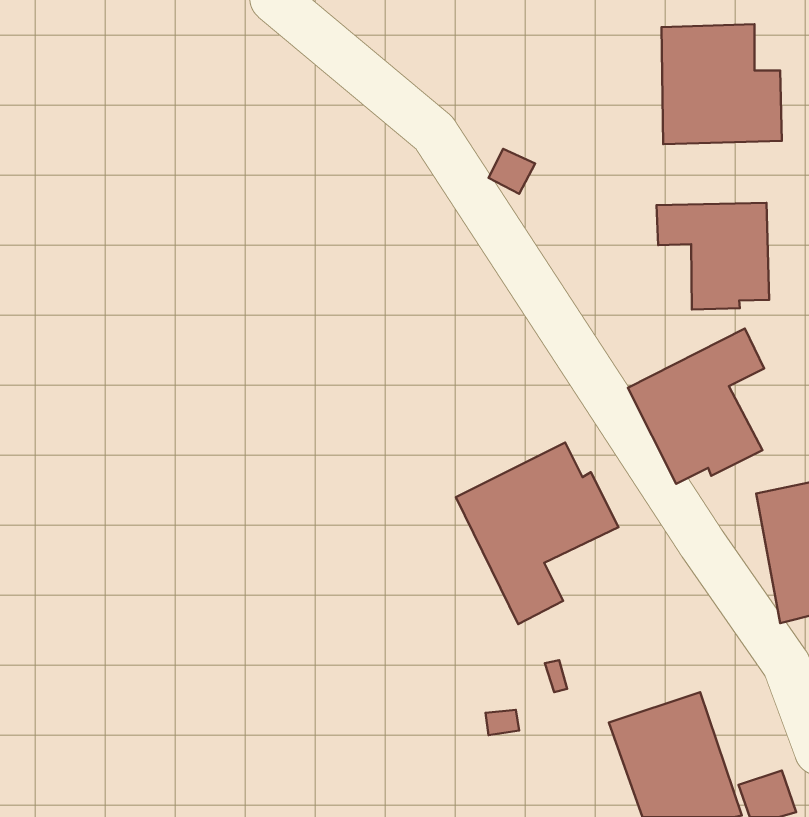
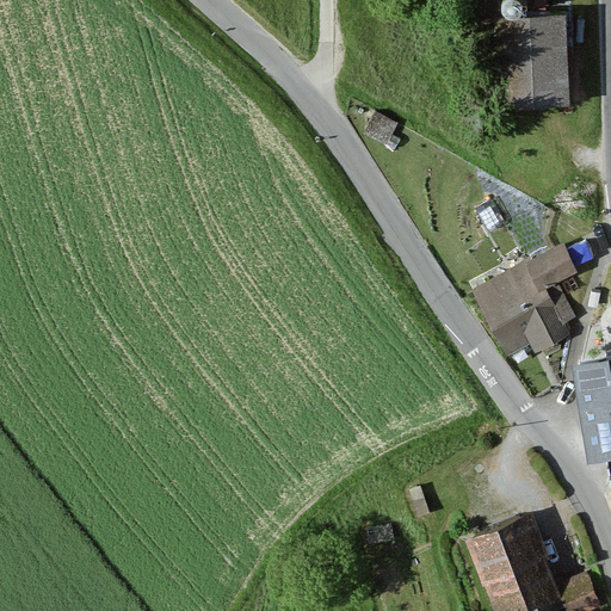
building: [657,203,769,310] -> none
building: [456,443,619,624] -> none

